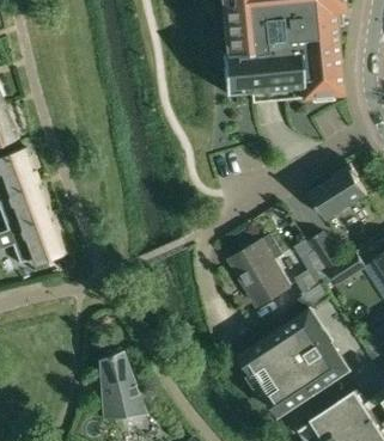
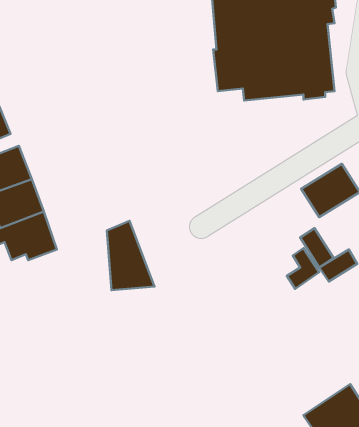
building: [232,235,289,306] -> none
building: [242,310,351,416] -> none
building: [99,349,147,418] -> [107,221,154,290]

